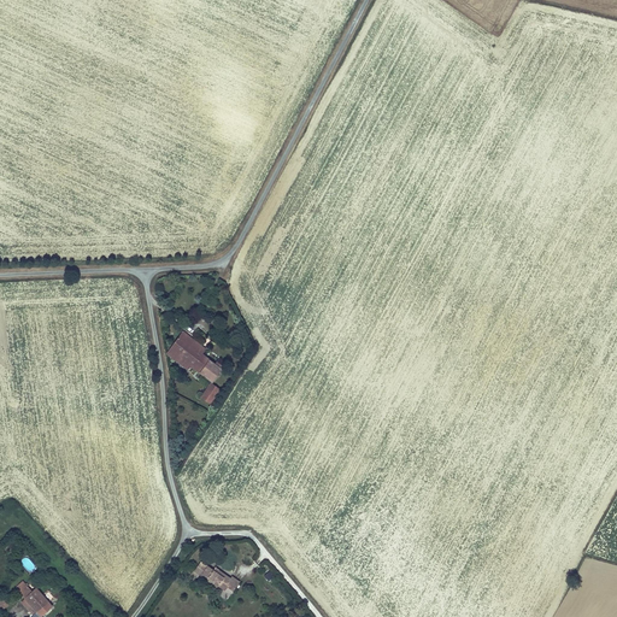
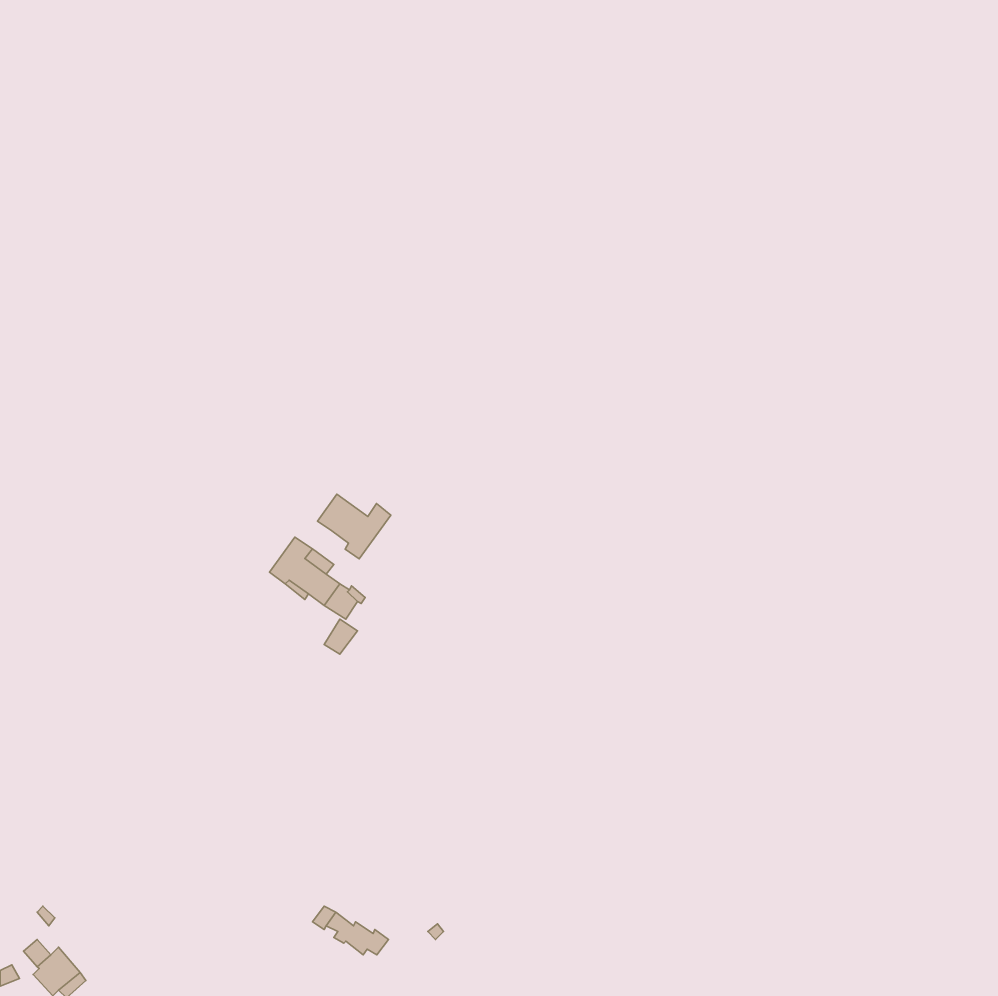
building: none -> [318,494,391,559]

